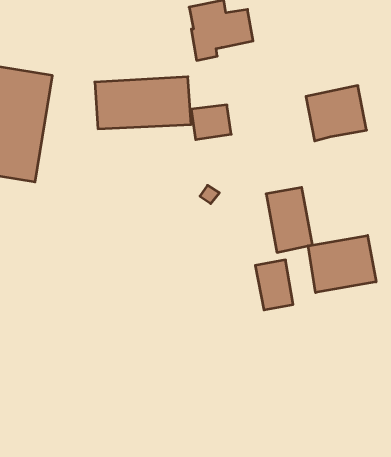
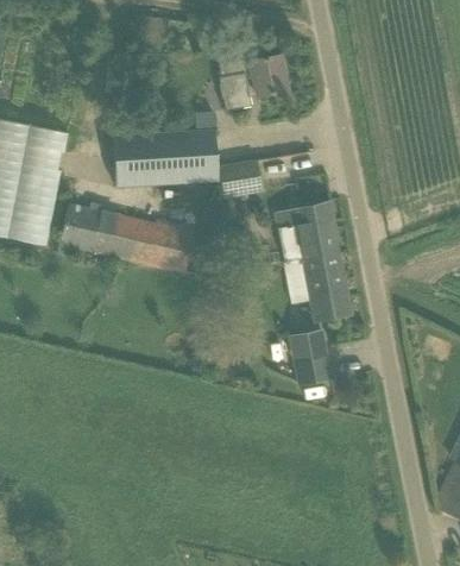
building: [306,86,367,141] -> [275,202,341,263]
building: none -> [58,202,196,273]
building: [308,235,376,293] -> none

